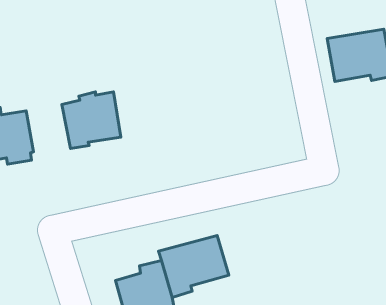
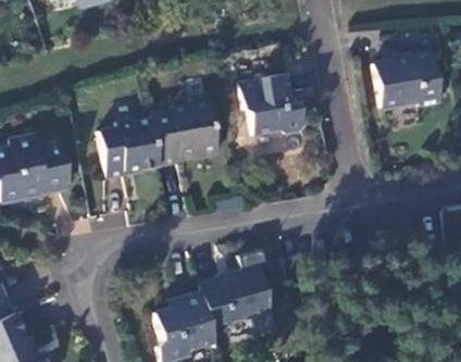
building: none -> [240,72,306,135]
building: none -> [152,95,221,165]

